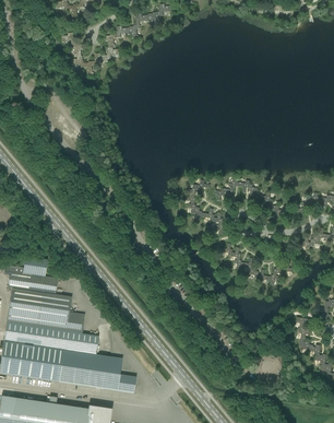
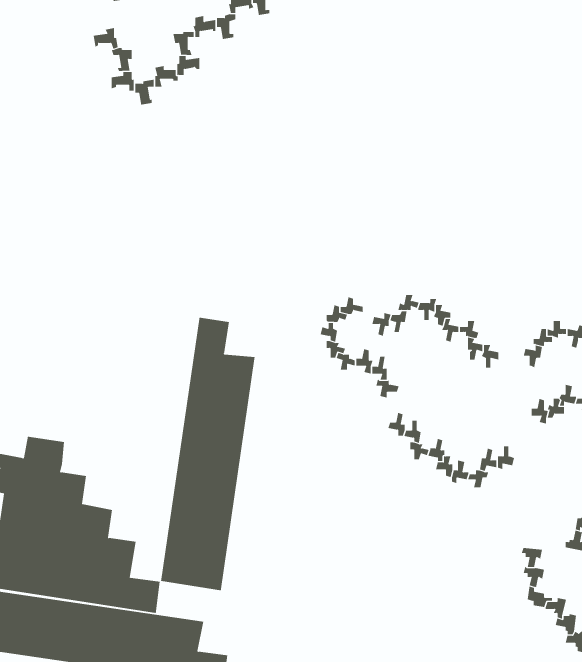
building: none -> [160,317,255,591]

